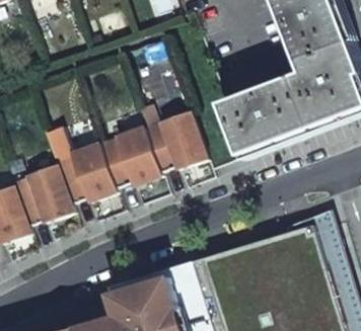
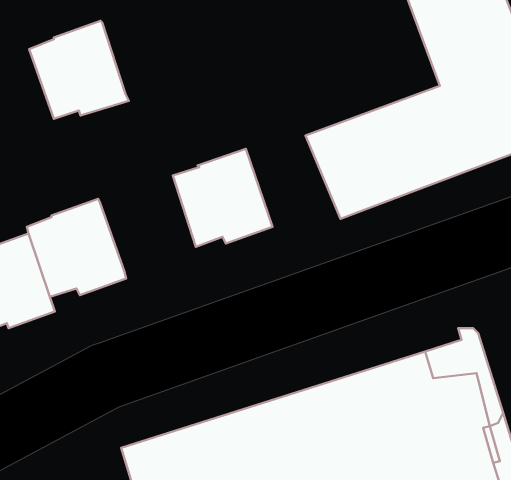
building: [91,129,152,188] -> [29,21,129,119]

